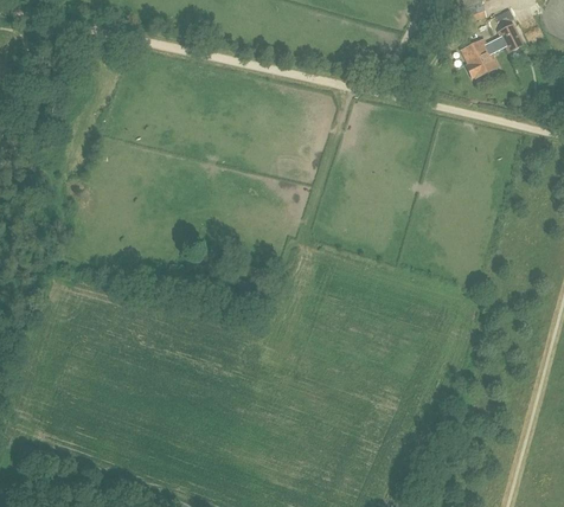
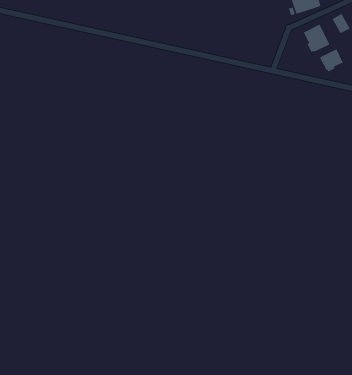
building: none -> [319,48,344,73]

